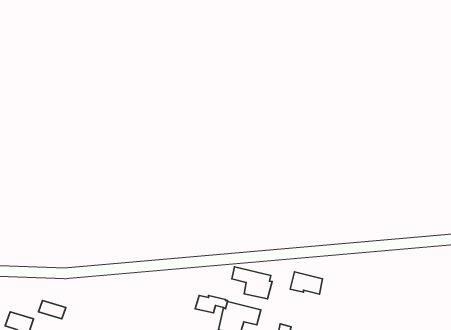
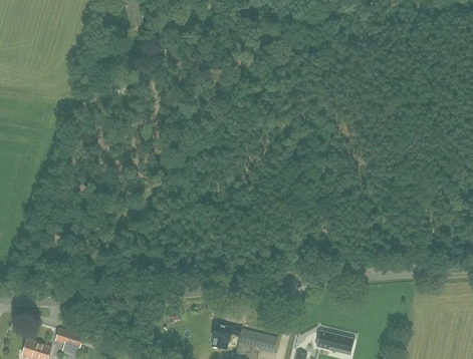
building: [232,267,272,299] -> none
building: [290,272,323,294] -> [315,329,347,351]

